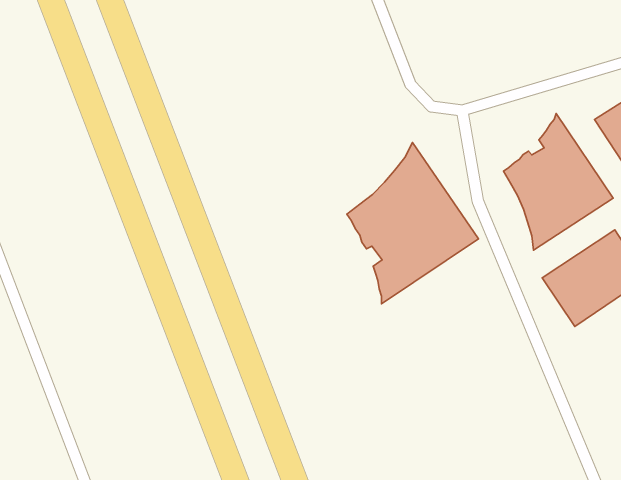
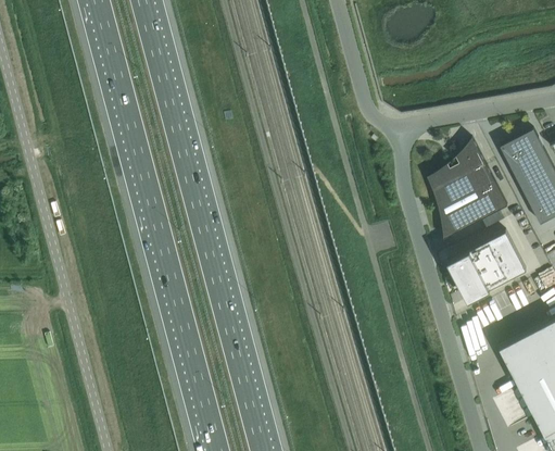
building: [347,142,478,304] -> none

